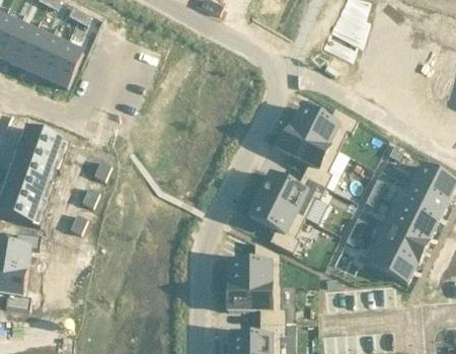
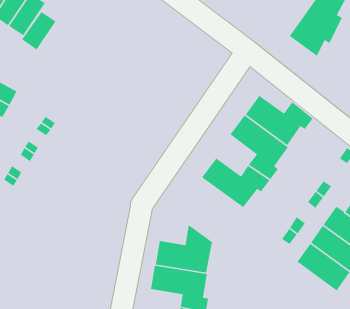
building: none -> [21,11,57,50]
building: [248,194,305,252] -> none

